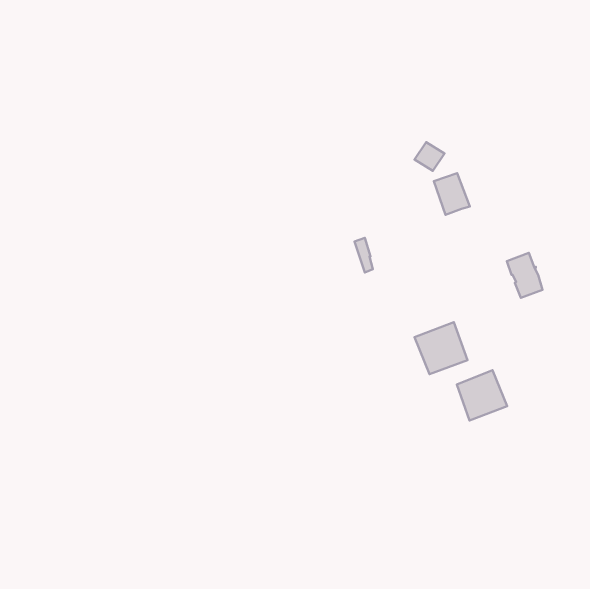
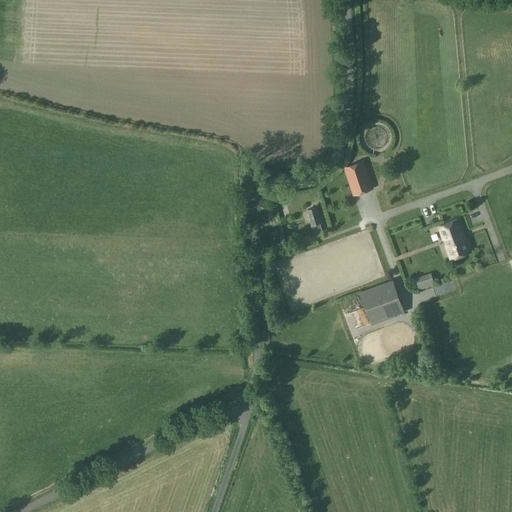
building: [434,173,470,215] -> [343,161,374,197]
building: [457,370,507,421] -> none

